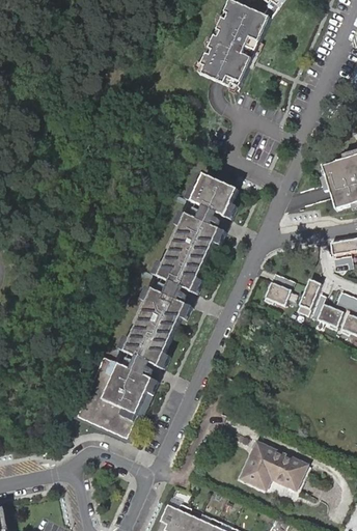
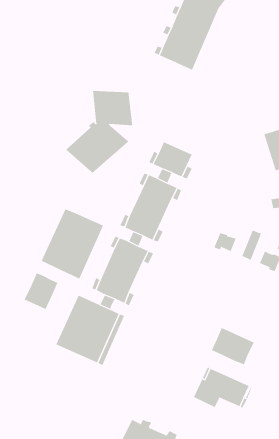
building: none -> [65,90,133,174]
building: none -> [41,208,104,279]
building: none -> [24,273,58,310]
building: none -> [211,327,254,365]

